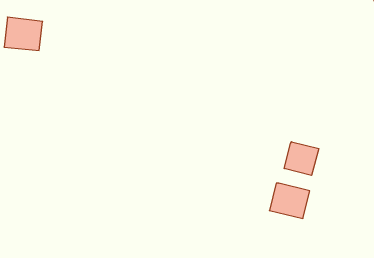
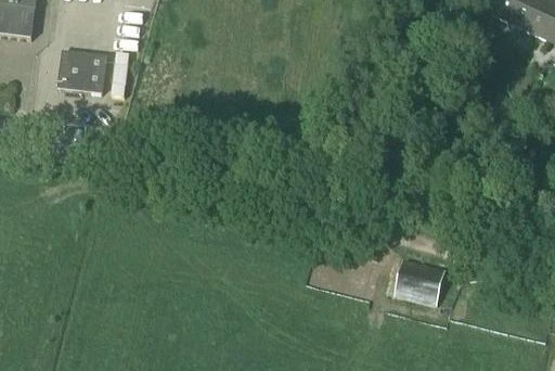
building: [284,142,319,175] -> none

